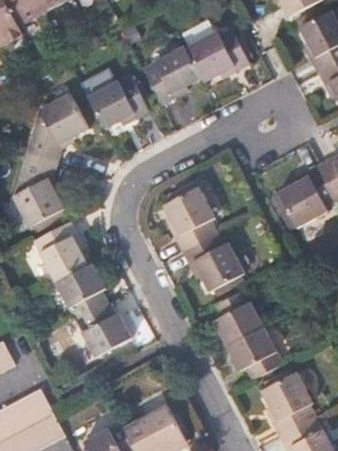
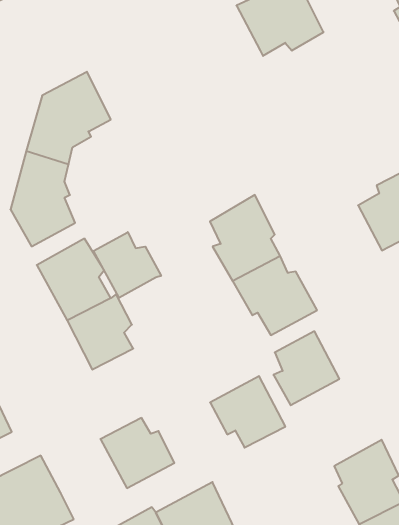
building: [142,44,203,105] -> none
building: [87,74,151,130] -> none
building: none -> [94,232,161,298]
building: [76,303,132,356] -> [100,418,174,488]
building: [226,326,283,380] -> [210,376,285,448]

